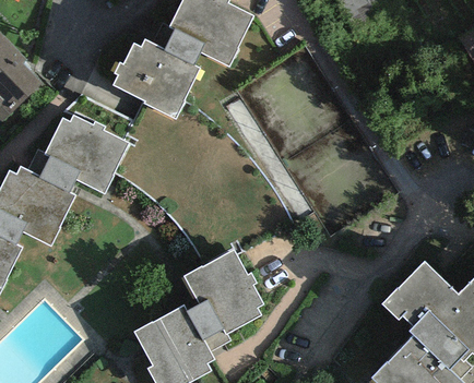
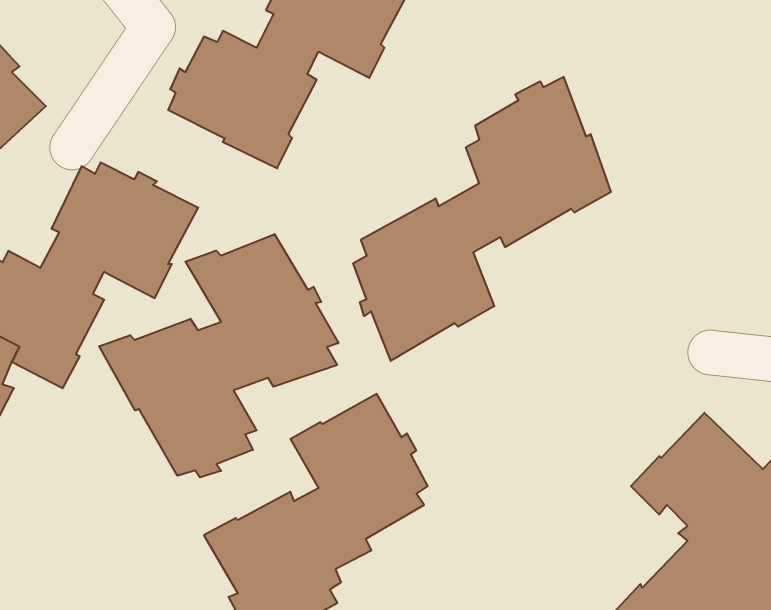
building: none -> [353,77,611,361]
building: none -> [99,234,338,477]

